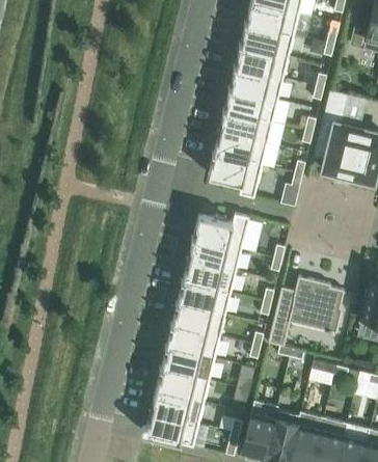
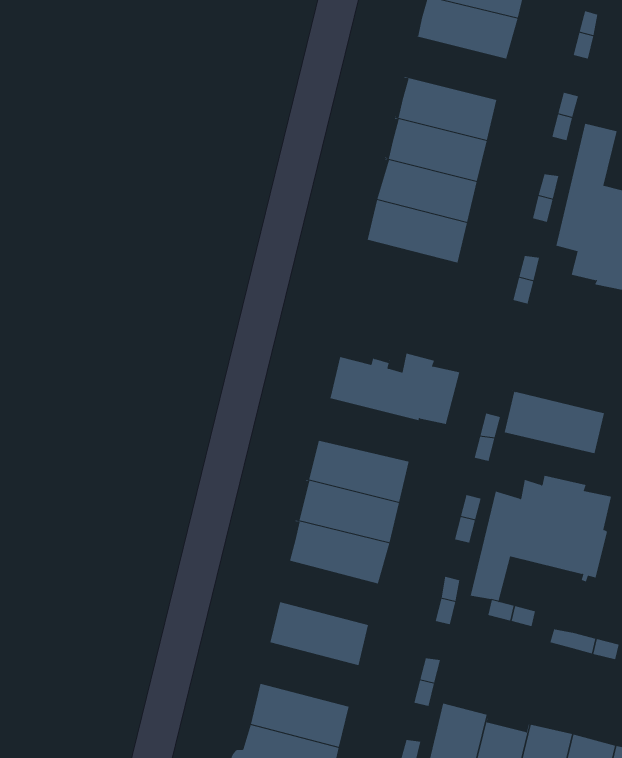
building: [233,45,288,79] -> none
building: [208,154,262,198] -> none
building: [187,238,241,272] -> [504,390,605,454]
building: [166,325,219,359] -> none
building: [156,369,209,403] -> none

